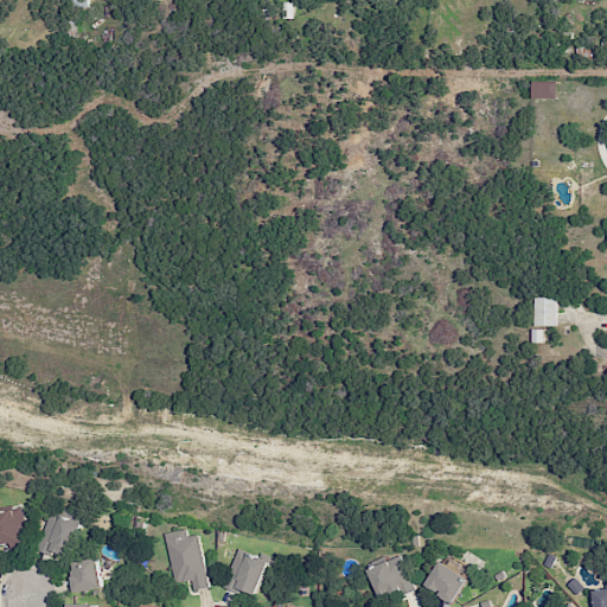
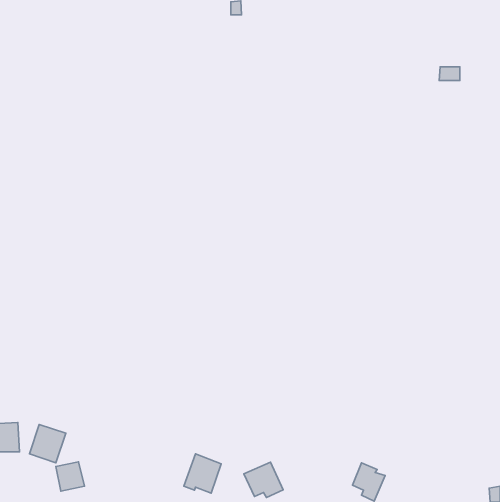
building: [532,296,555,326] -> none
building: [164,529,206,590] -> none
building: [365,555,413,598] -> [244,462,283,498]

